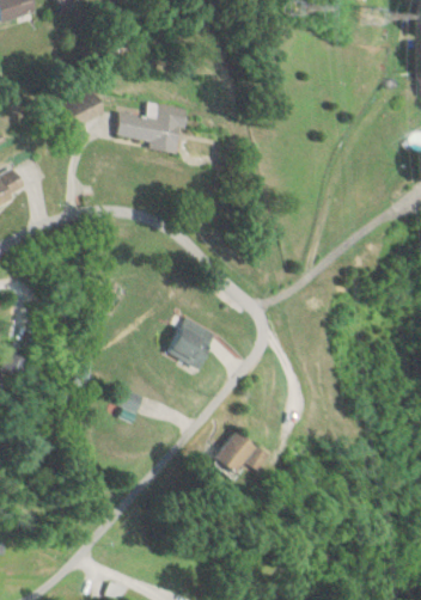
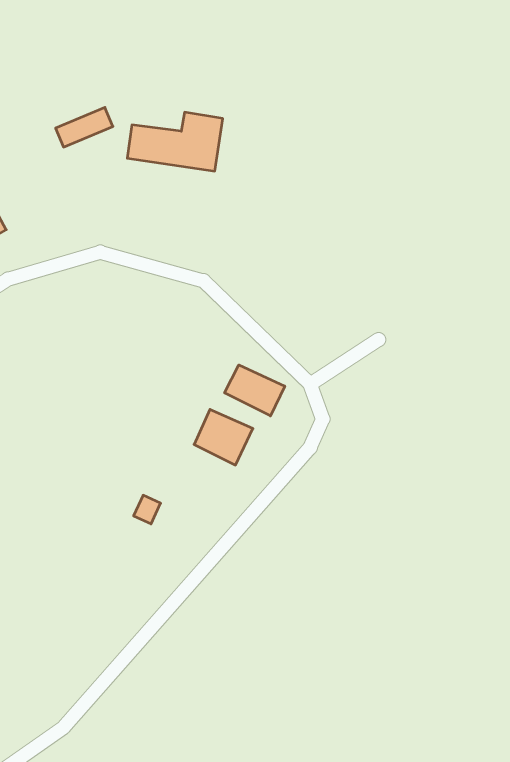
building: none -> [225,365,285,416]
building: [215,429,270,473] -> none

